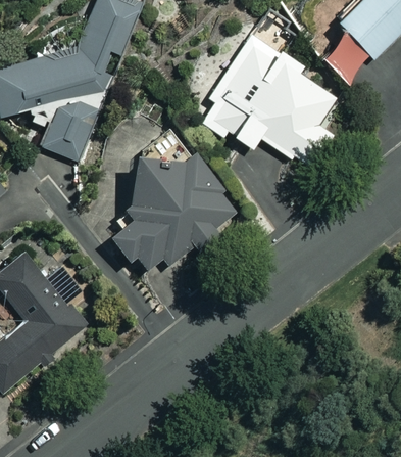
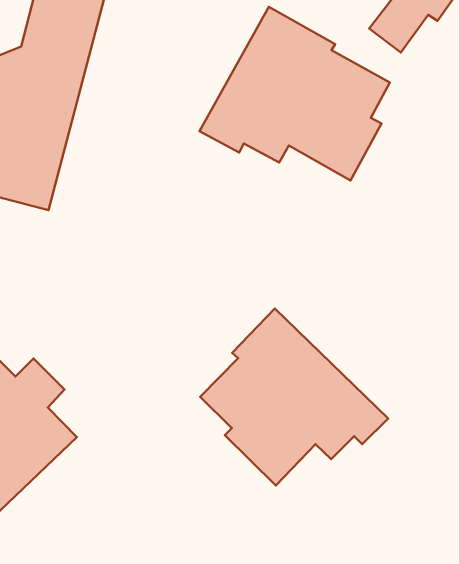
building: [108,148,237,271] -> none
building: none -> [200,309,388,485]

